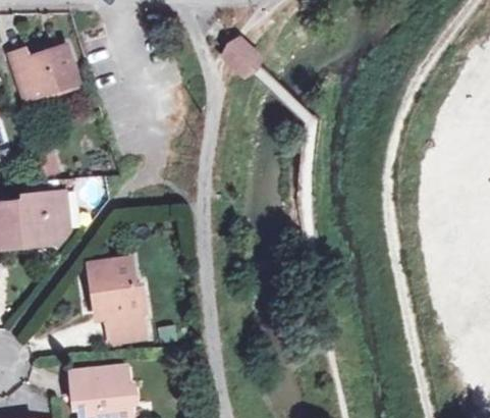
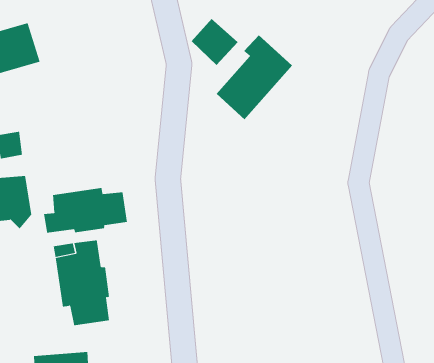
building: none -> [216,35,293,120]
building: none -> [43,187,127,234]

